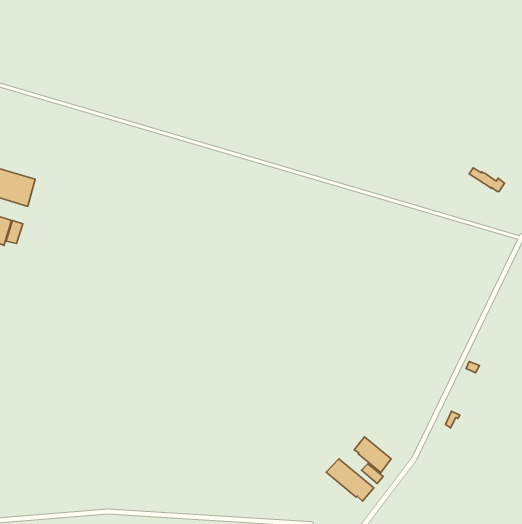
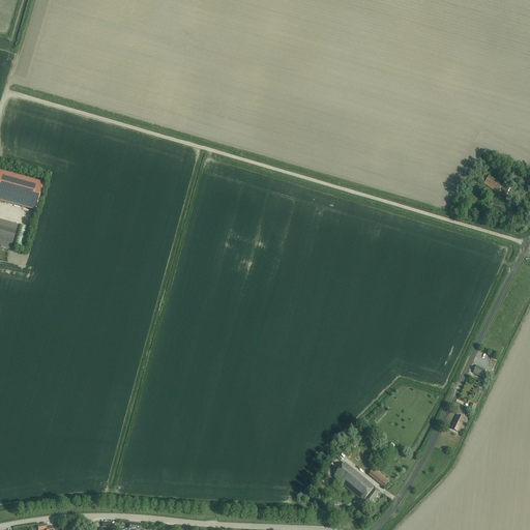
building: [354,437,391,473] -> none

